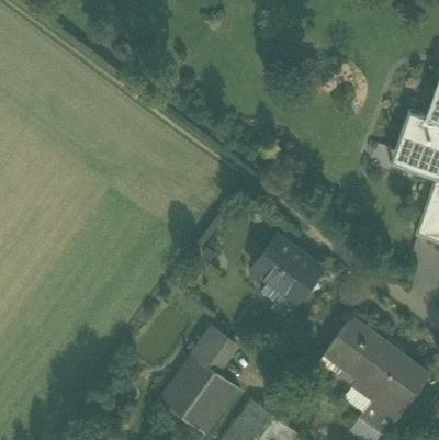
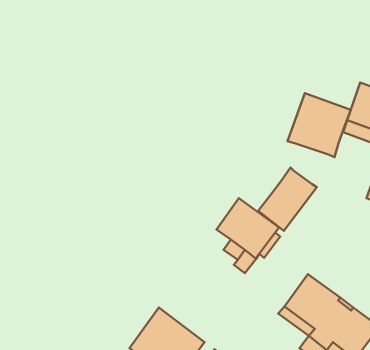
building: none -> [288,93,351,157]
building: none -> [258,168,317,231]
building: [192,327,236,372] -> none

